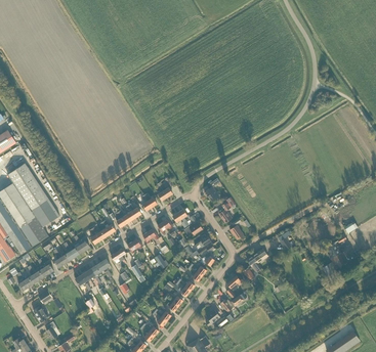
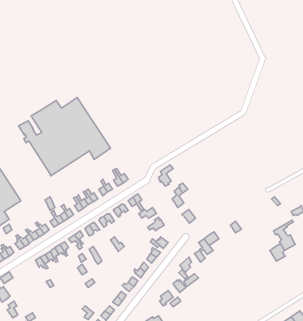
building: none -> [19,98,110,176]

